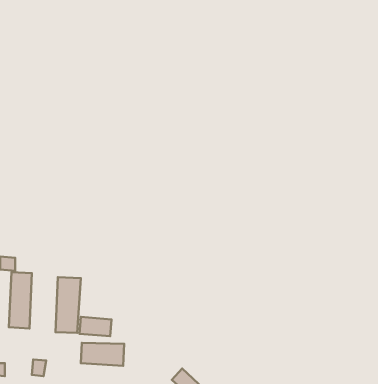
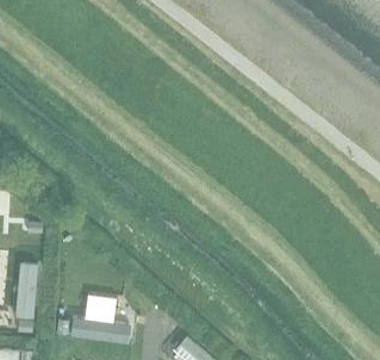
building: [55,277,81,333] -> none

